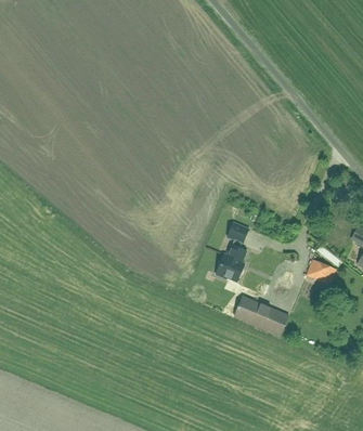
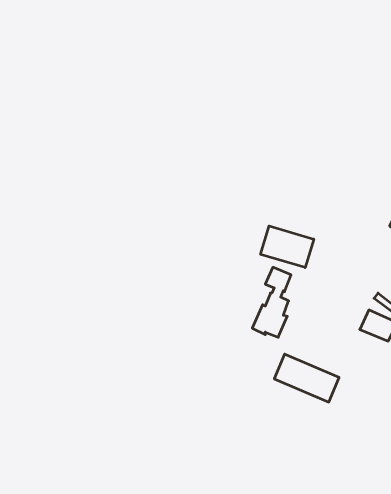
building: none -> [261,226,314,268]

